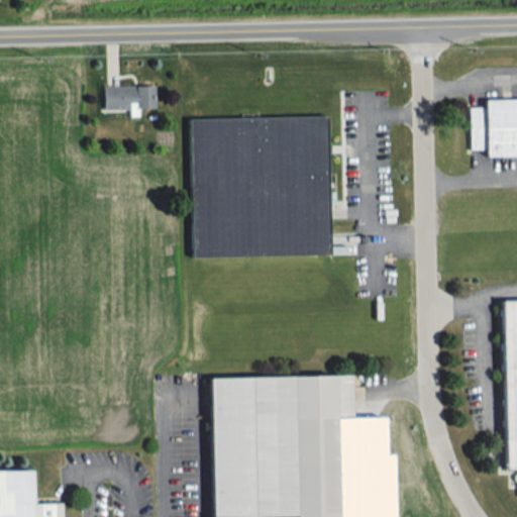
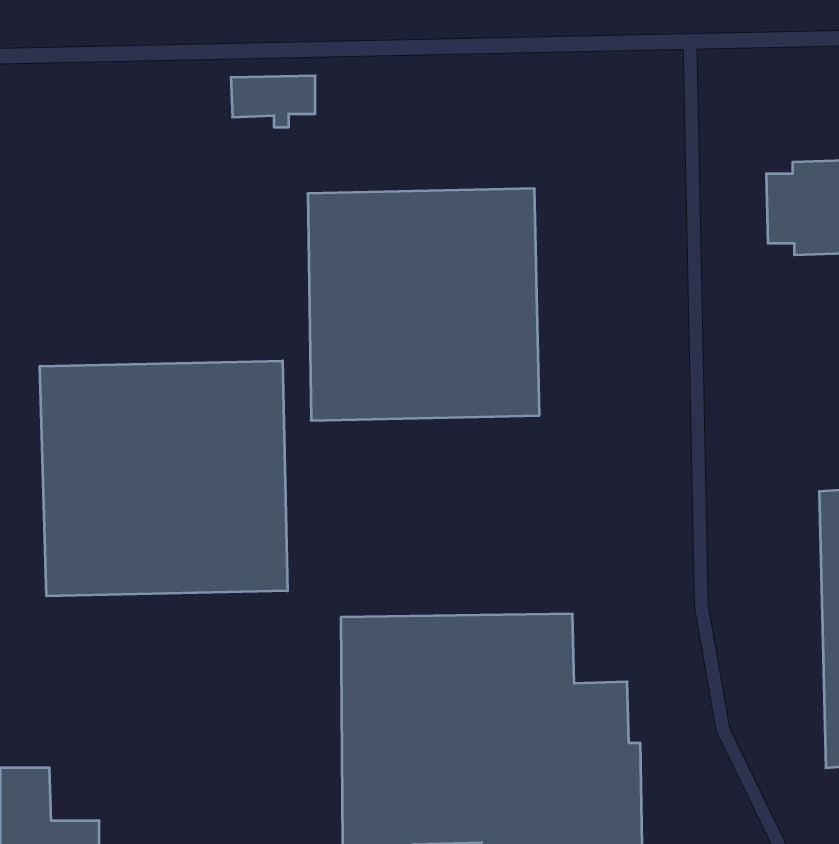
building: [106,85,158,116] -> [231,76,315,127]
building: none -> [40,361,287,596]

